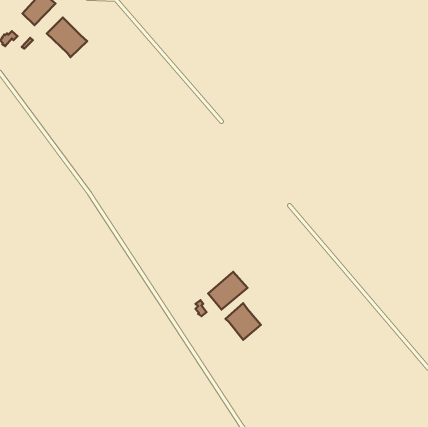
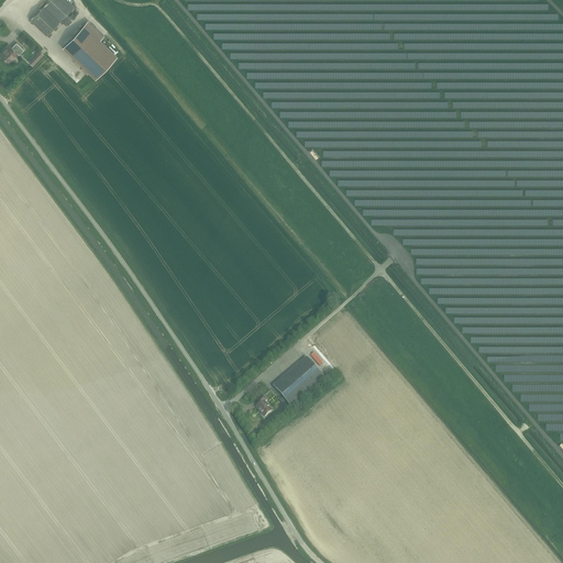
building: [225,303,261,340] -> none

